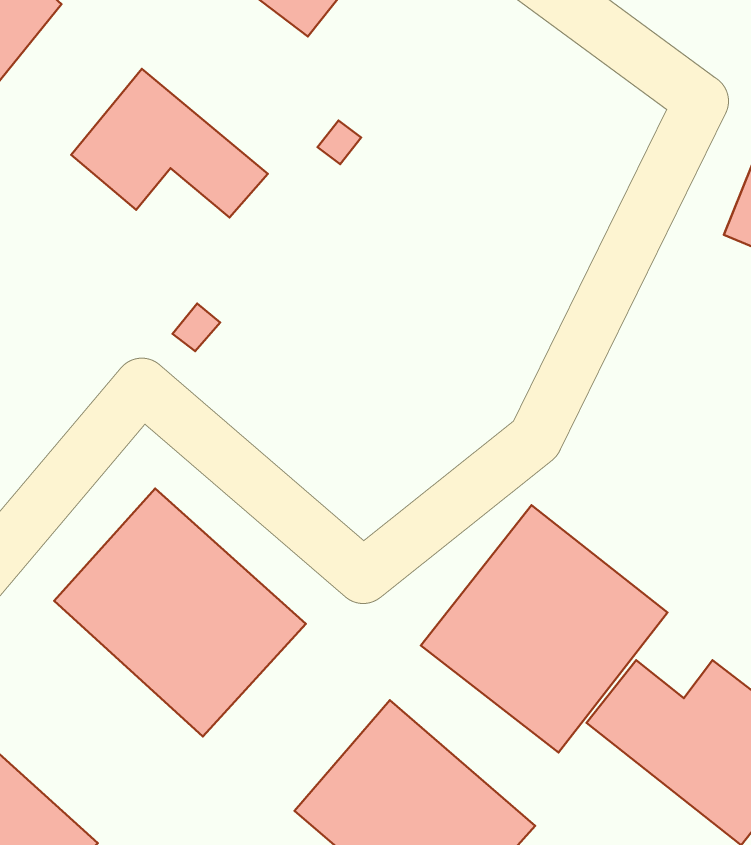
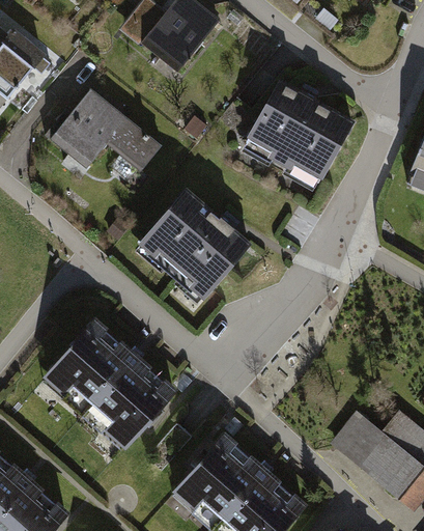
building: none -> [247,84,356,187]
building: none -> [134,184,250,298]
building: [421,505,667,753] -> none

